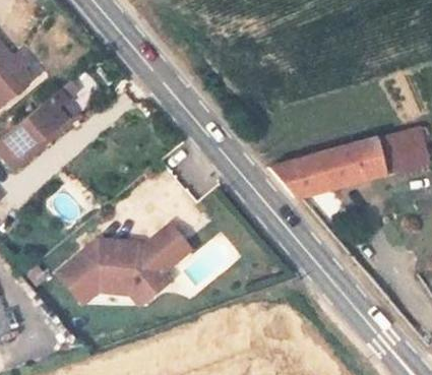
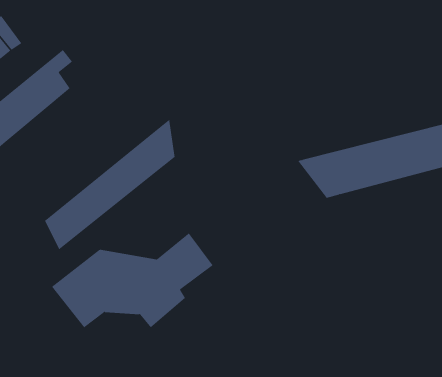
building: none -> [44,119,175,250]

